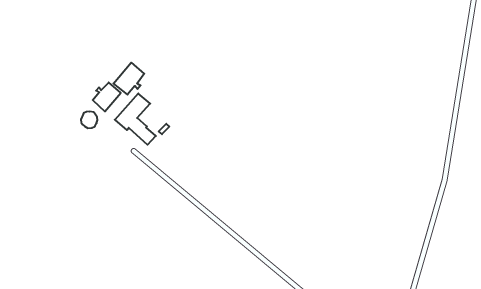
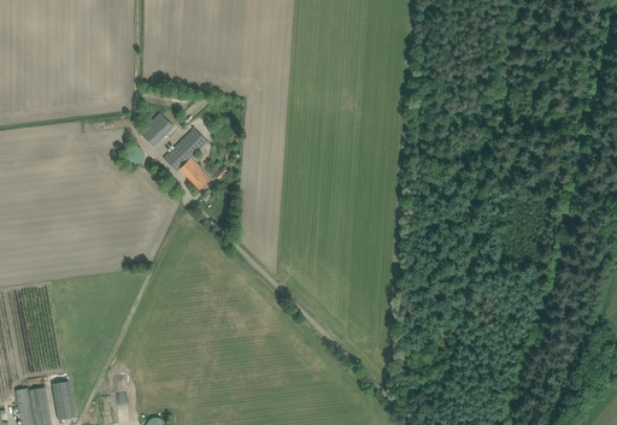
building: [113,63,144,95] -> none

